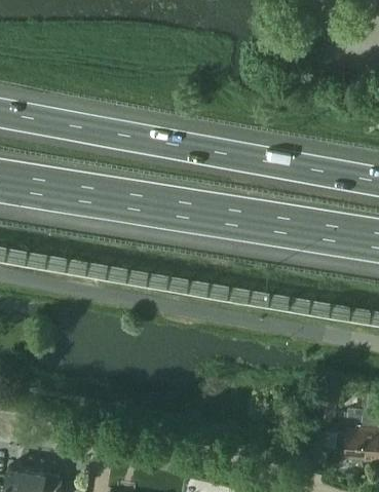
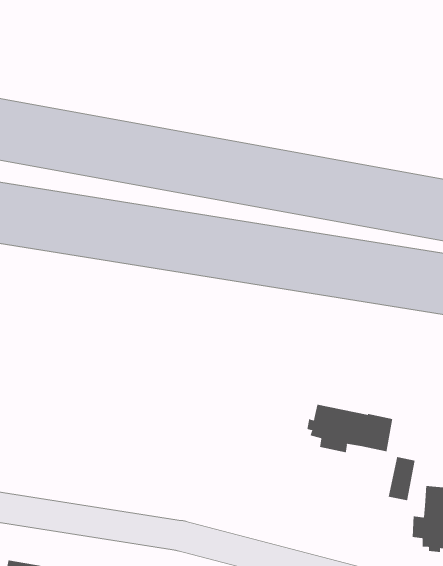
building: none -> [307,404,393,453]

